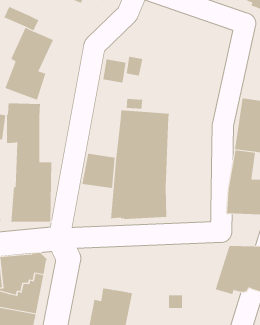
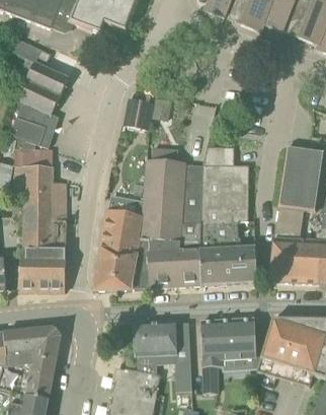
building: none -> [199,145,256,284]
building: none -> [92,246,137,289]
building: none -> [200,318,256,370]
building: none -> [134,321,191,390]

